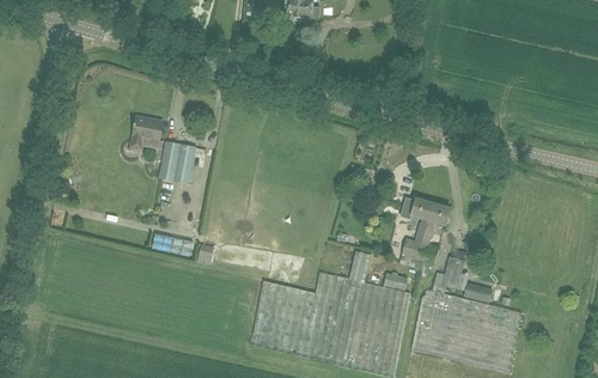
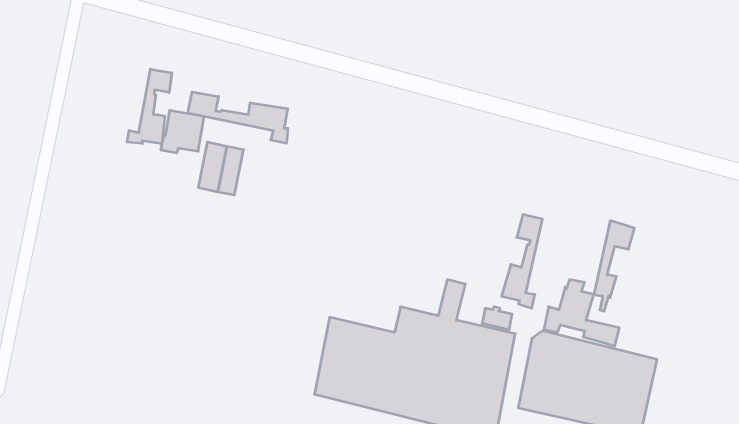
building: none -> [127,69,172,144]
building: none -> [188,92,288,143]
building: [417,201,450,273] -> [594,221,634,311]

